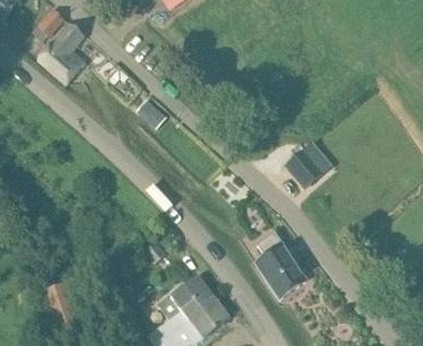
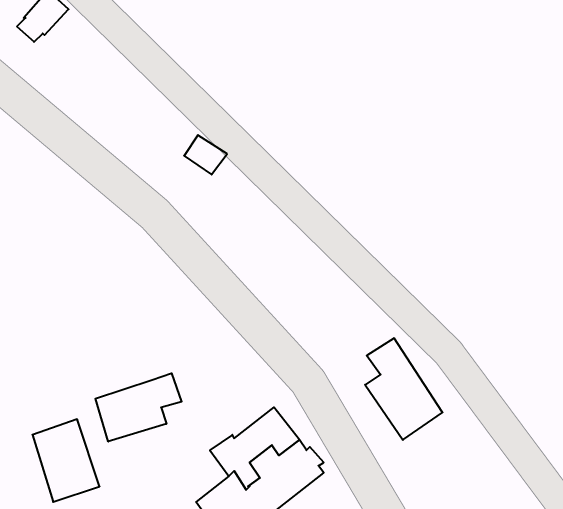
building: [38,23,85,83] -> none
building: [283,149,323,190] -> none
building: none -> [95,373,182,442]

